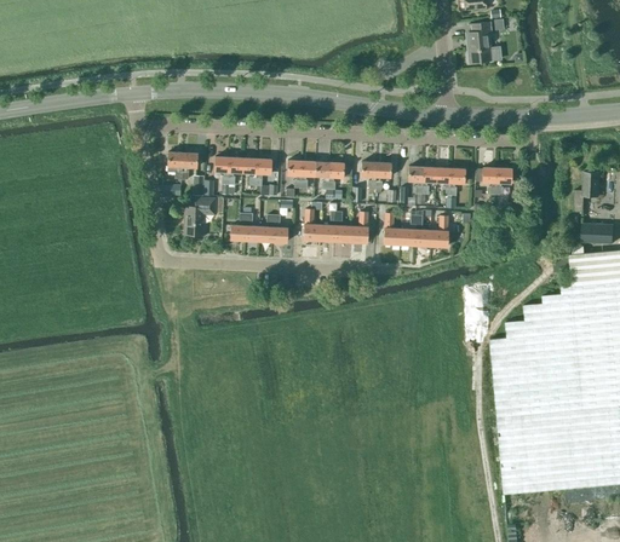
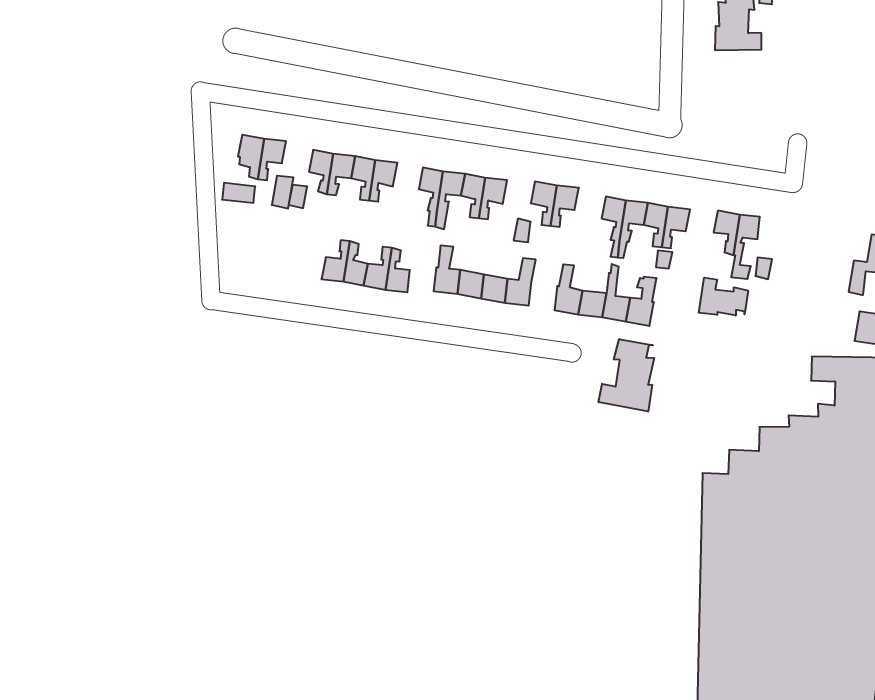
building: [183,198,214,235] -> none
building: none -> [699,278,748,316]
building: none -> [599,339,654,412]

